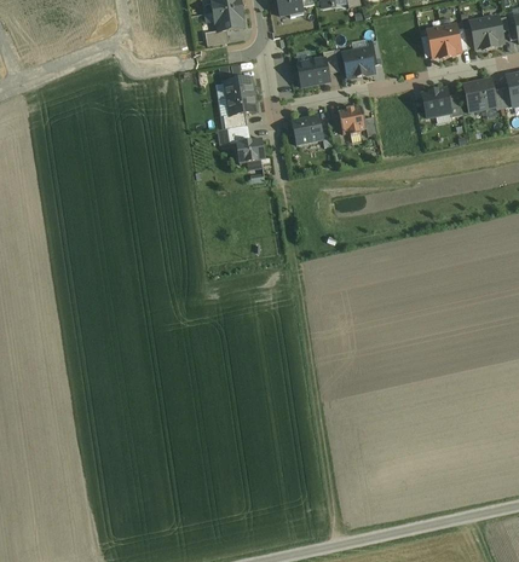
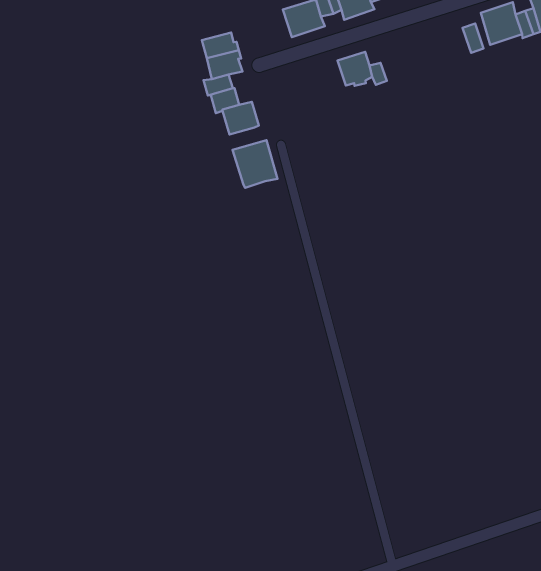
building: [421,88,449,117] -> none
building: [290,115,322,144] -> none
building: none -> [233,140,278,188]

